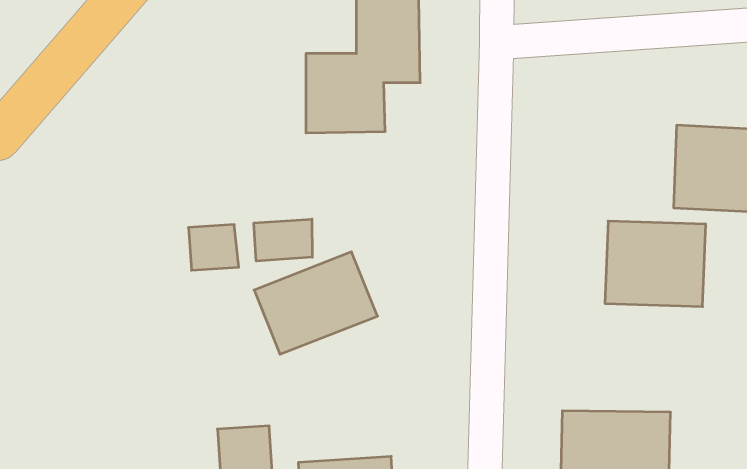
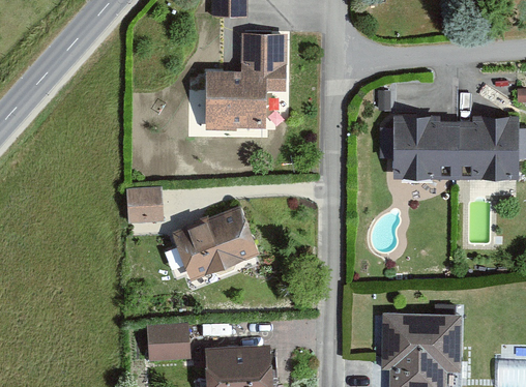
building: [254,219,312,261] -> none
building: [605,221,706,307] -> [391,120,460,178]

